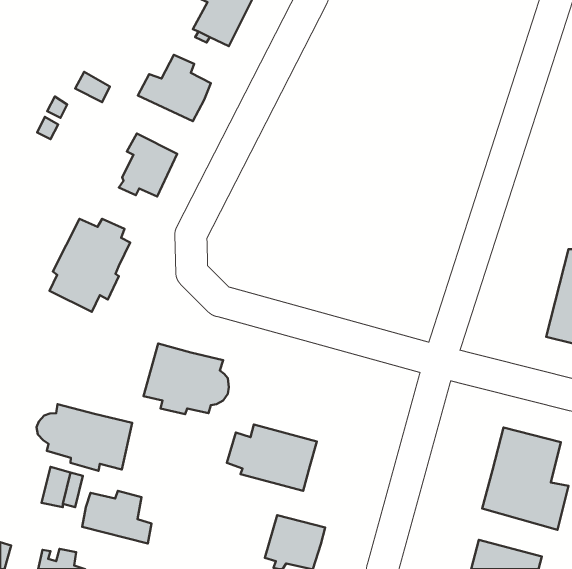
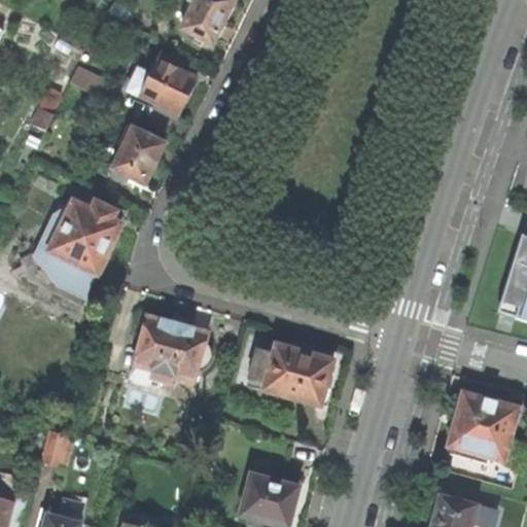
building: [37,404,132,471] -> none
building: [227,425,317,491] -> [249,343,331,403]
building: [82,491,151,543] -> none

